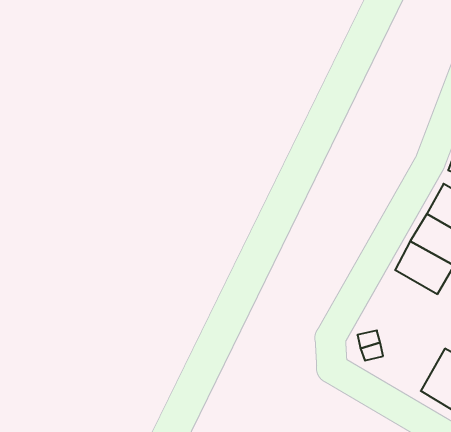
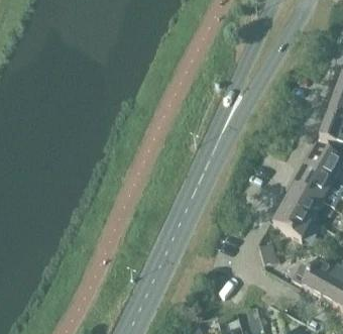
building: none -> [273,202,313,238]

